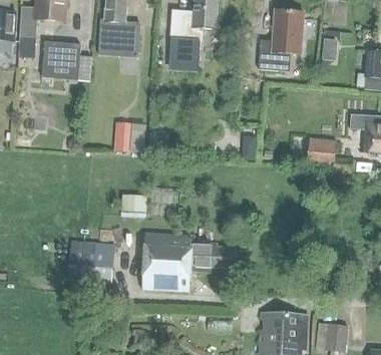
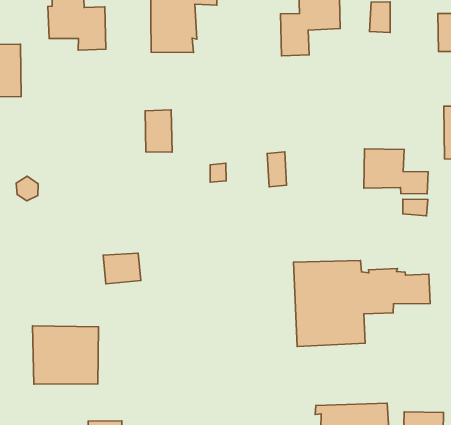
building: [112,120,132,150] -> [145,110,172,152]
building: [141,231,237,291] -> [293,260,430,347]

